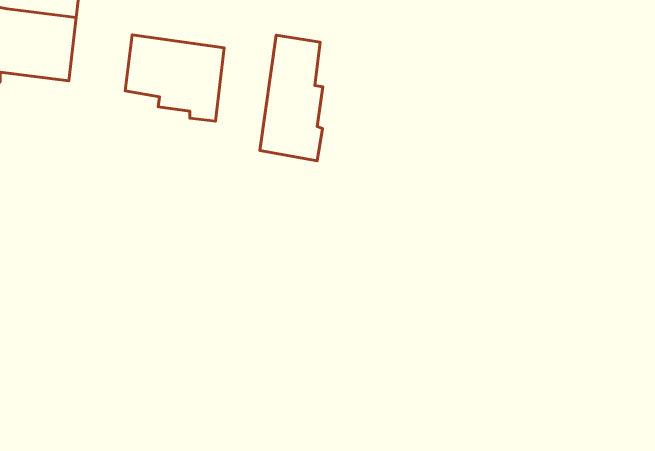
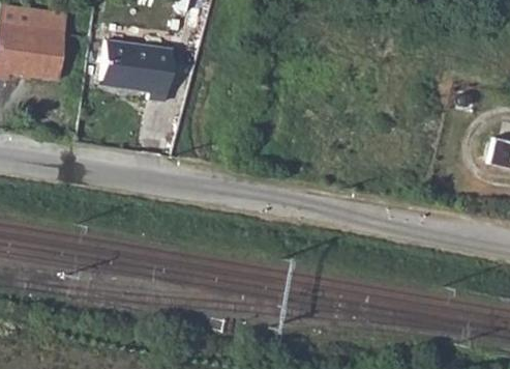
building: [260,35,323,161] -> none

